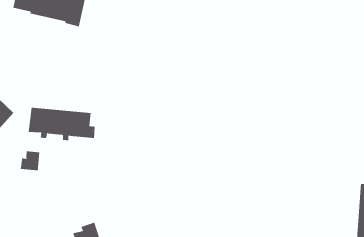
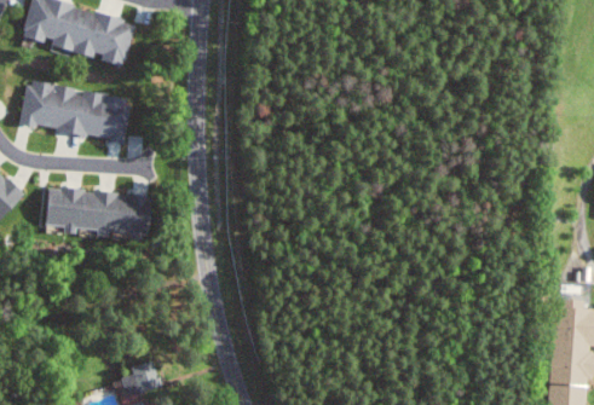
building: none -> [23,81,144,146]
building: [20,150,40,171] -> none

